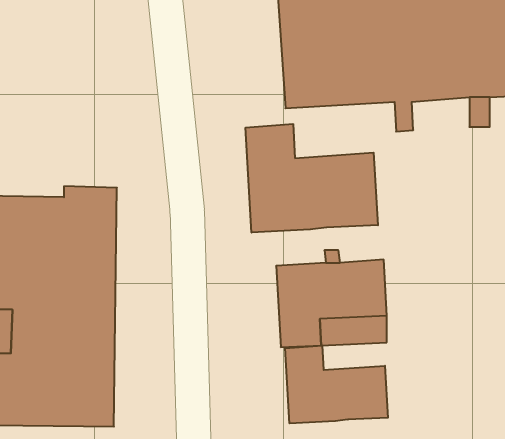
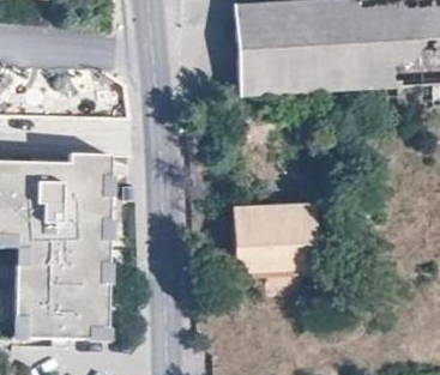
building: [246,124,378,233] -> none
building: [285,345,388,423] -> none

